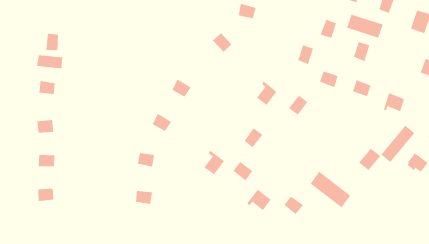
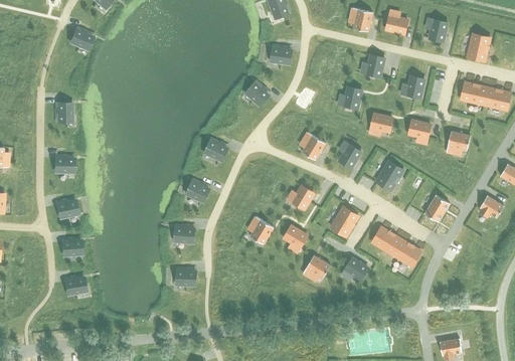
building: [346,14,383,38] -> none
building: none -> [460,82,487,105]
building: [37,54,63,69] -> none
building: none -> [375,161,402,190]
building: [381,125,415,163] -> none
building: none -> [330,207,357,236]

